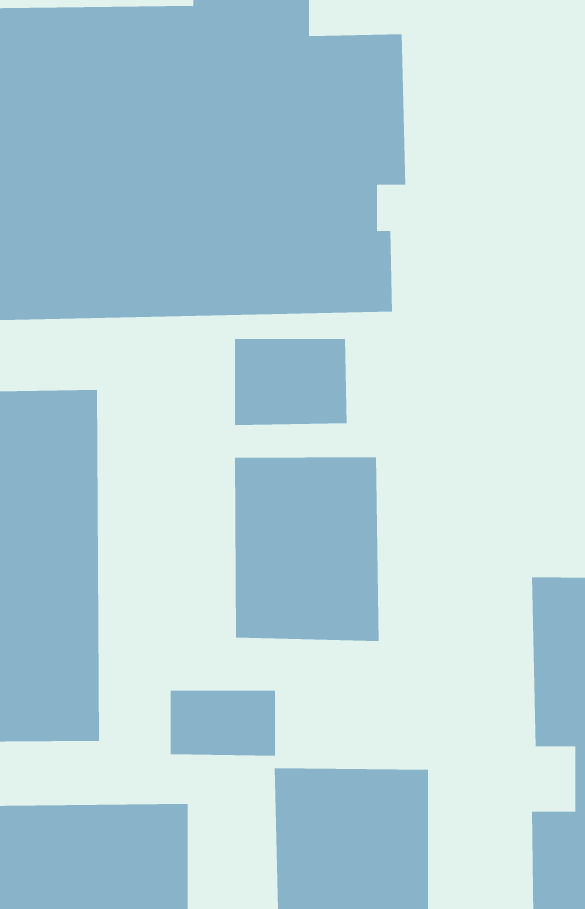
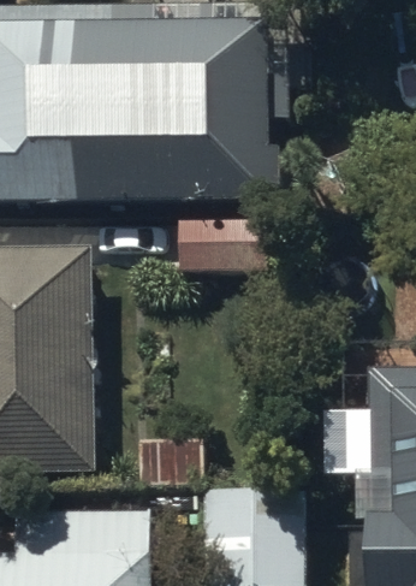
building: [235,456,379,642] -> none

